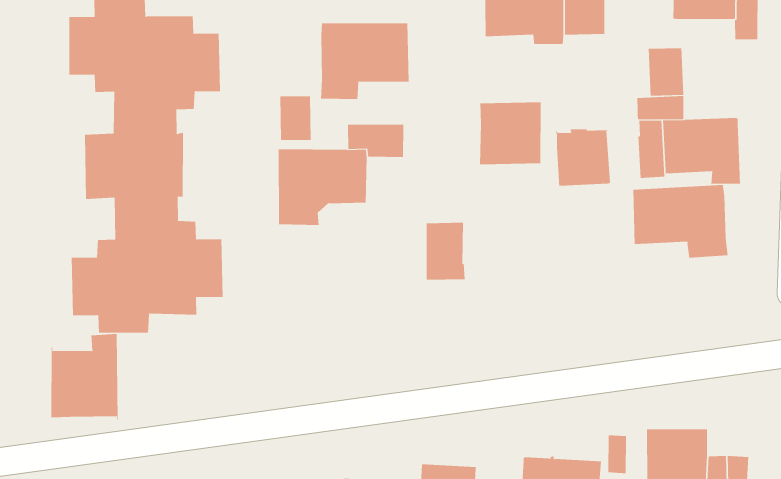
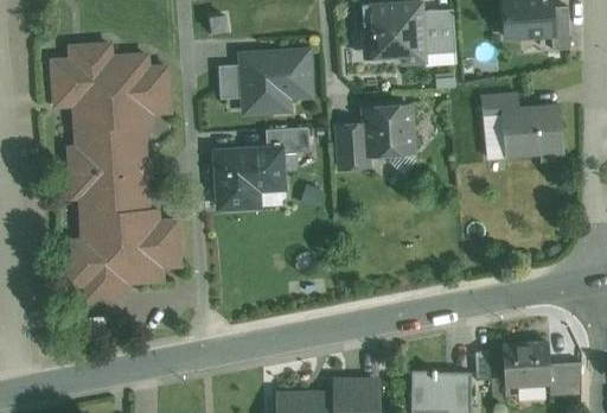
building: [648,48,684,96] -> none
building: [279,96,312,140] -> [218,64,244,99]
building: [555,128,611,187] -> none
building: [633,184,728,259] -> none
building: [426,222,465,280] -> [337,123,369,169]
building: [51,333,118,421] -> none

